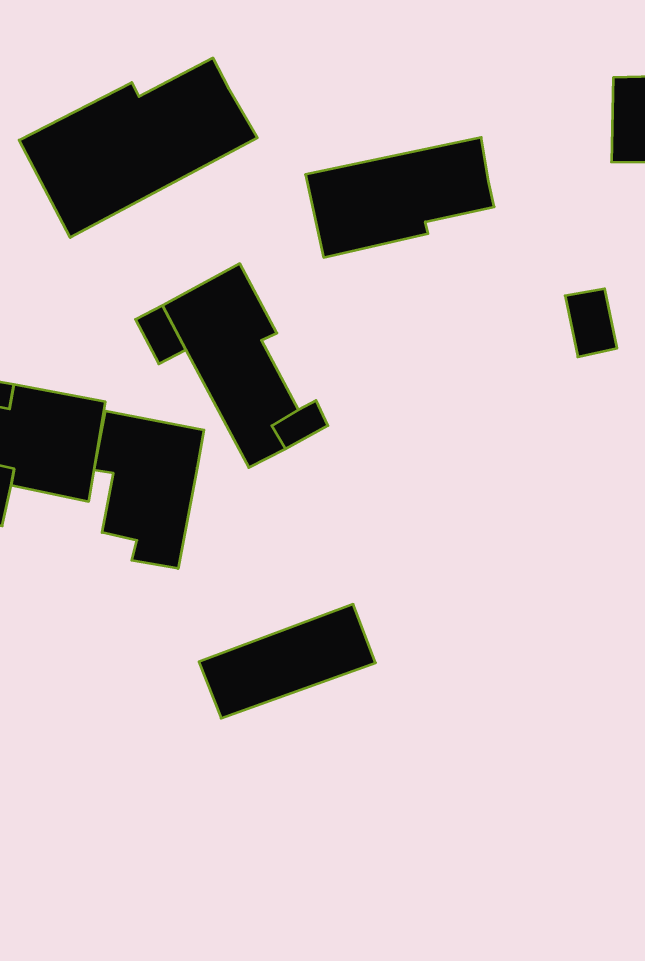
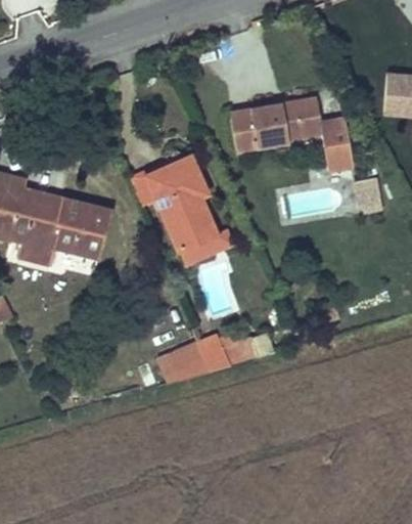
building: [19,58,257,238] -> none
building: none -> [320,116,352,170]
building: [94,411,204,569] -> none

